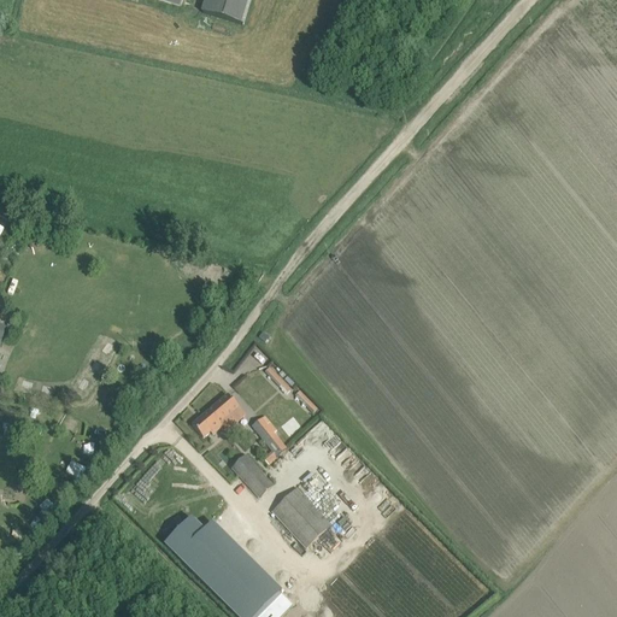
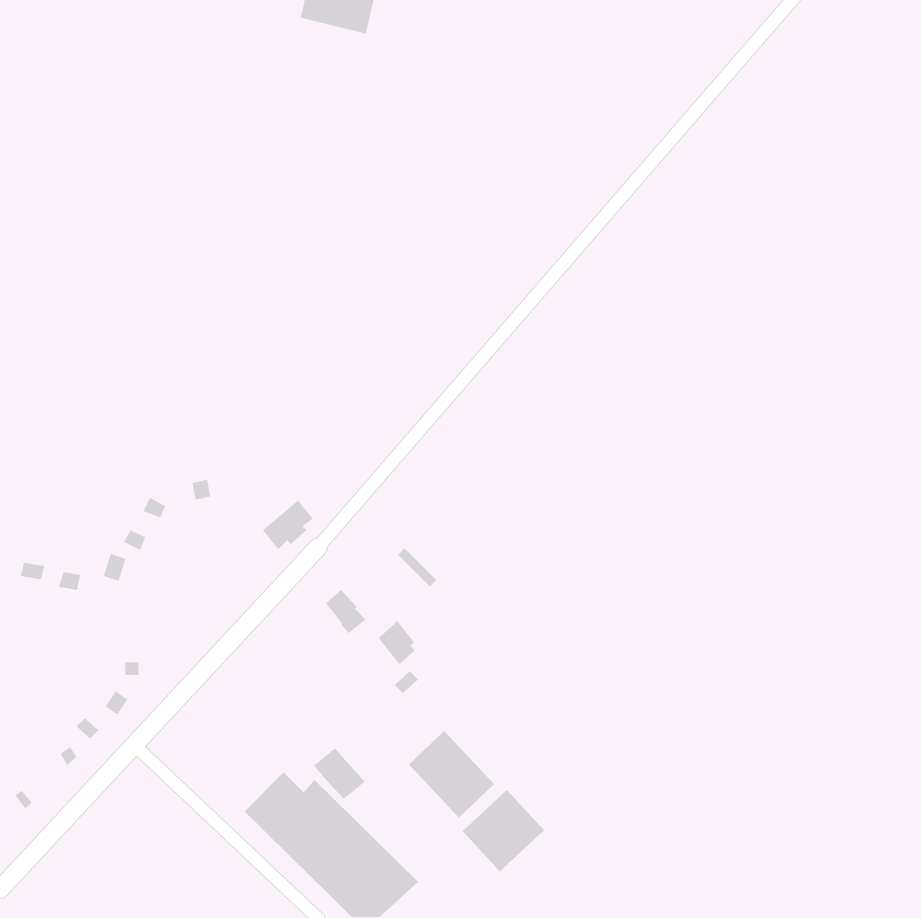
building: [194,402,229,436] -> [262,500,314,550]
building: [228,447,263,482] -> [313,748,365,800]
building: none -> [462,789,545,872]

